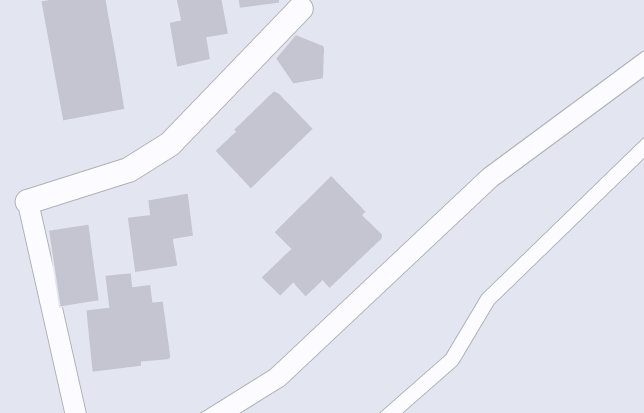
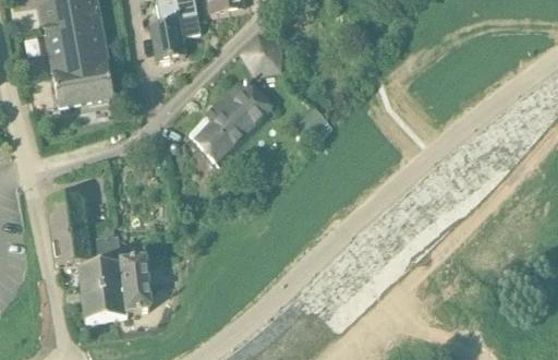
building: [261,175,383,297] -> none
building: [127,193,194,273] -> none

